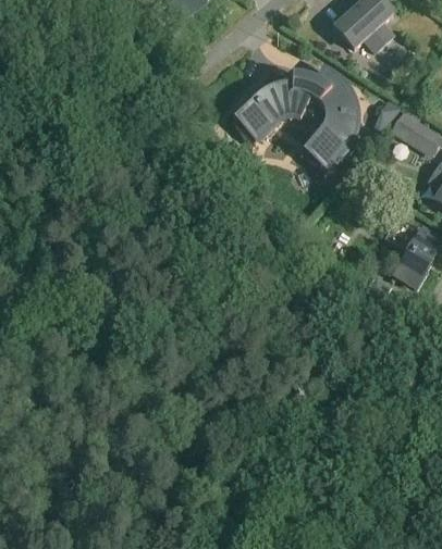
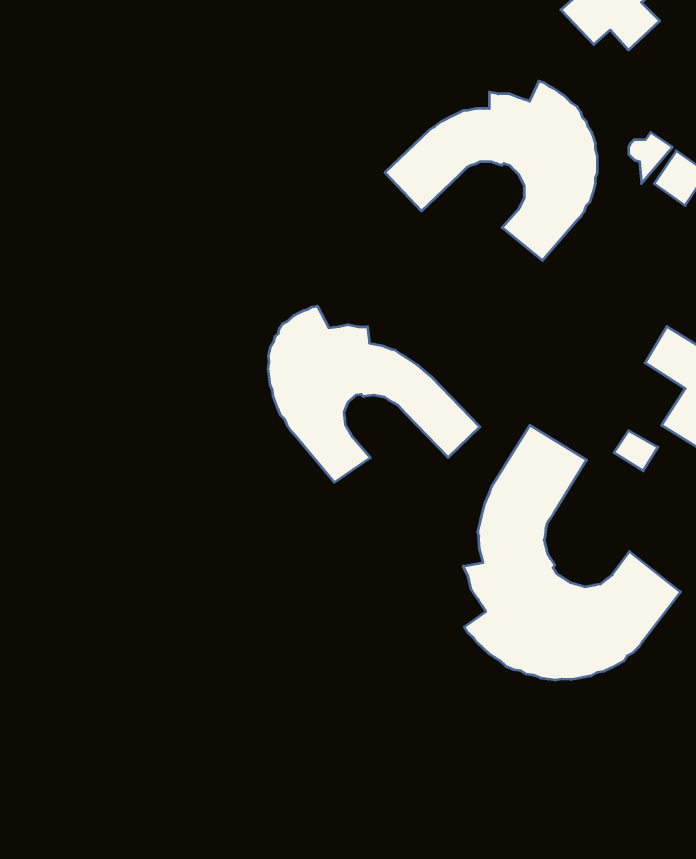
building: none -> [268,306,480,482]
building: none -> [463,425,681,680]

